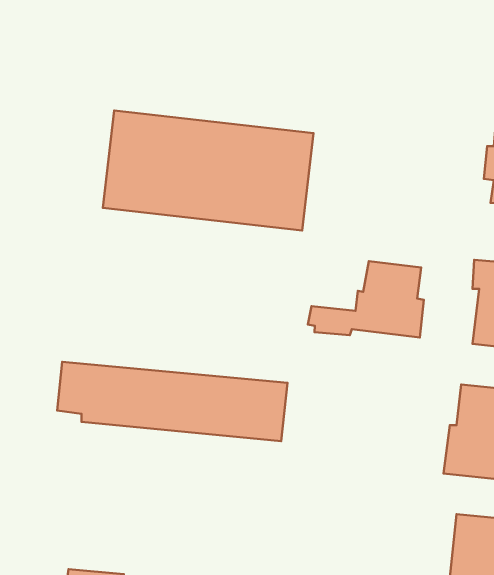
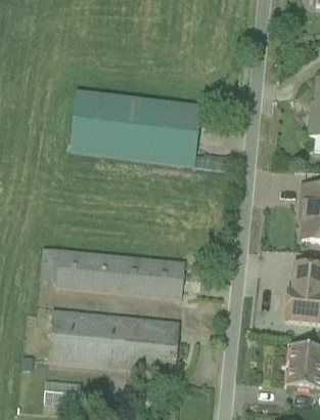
building: [308,261,424,337] -> none
building: none -> [47,310,179,372]

